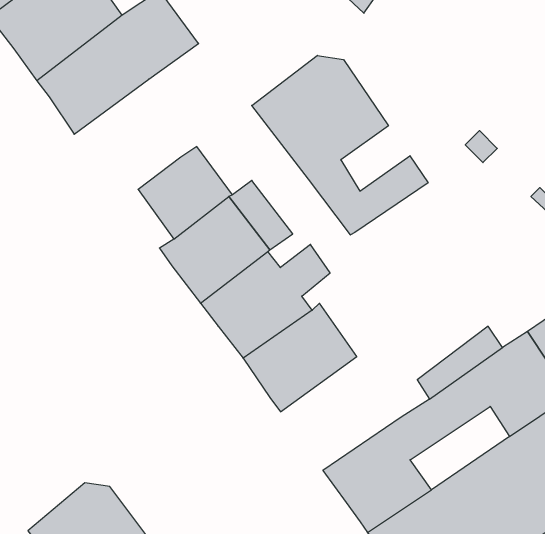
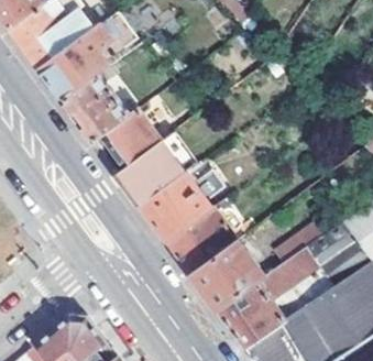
building: [252,55,428,235] -> none
building: none -> [64,66,130,141]
building: none -> [191,238,266,308]

